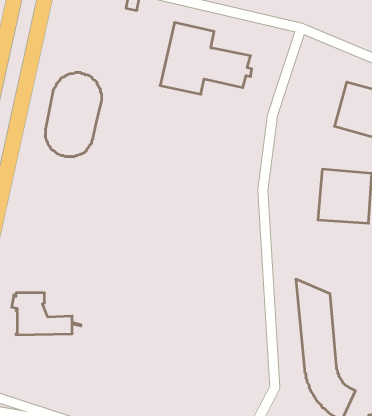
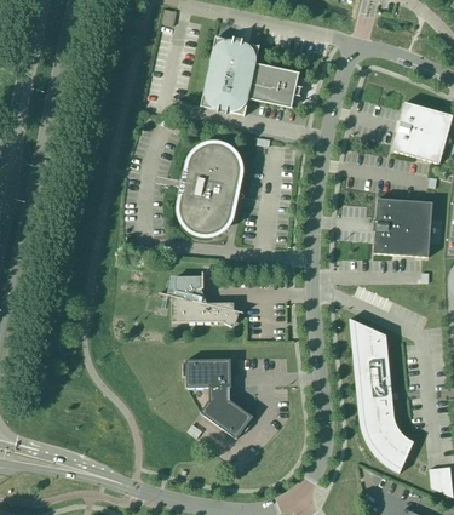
building: [45,73,102,156] -> [179,143,241,235]
building: [12,293,81,335] -> [167,276,243,322]
building: none -> [183,359,253,439]

